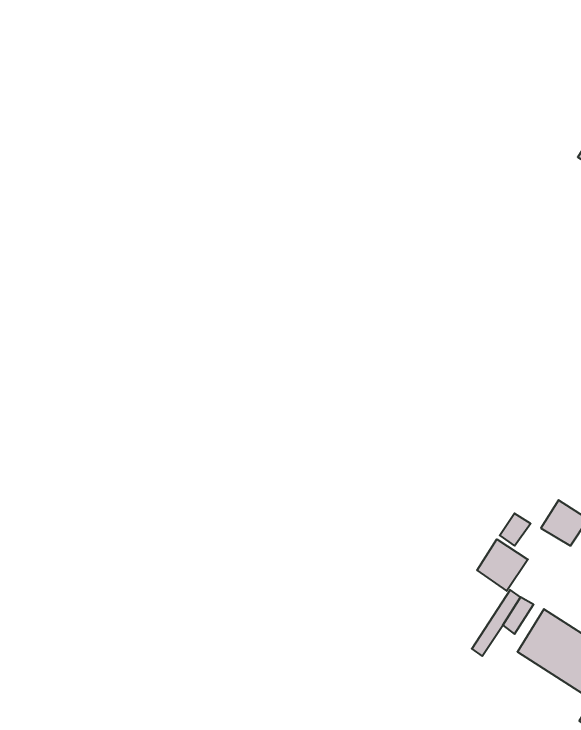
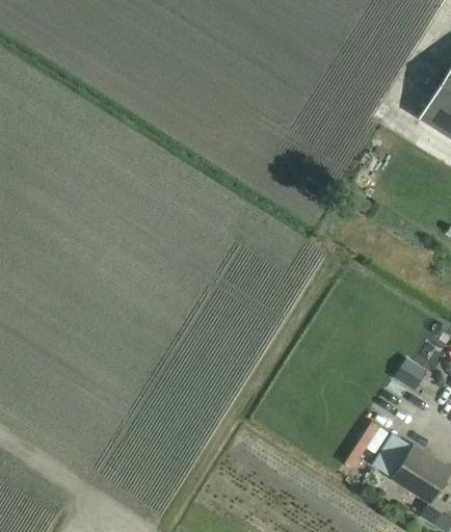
building: [477,539,528,591] -> none

